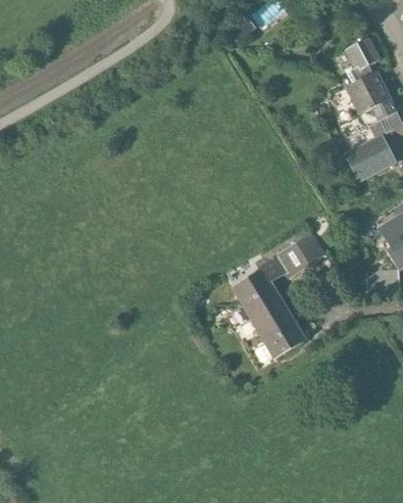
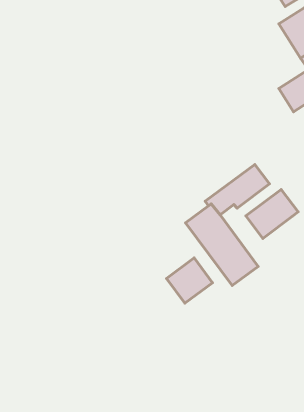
building: none -> [246,189,298,238]
building: none -> [167,258,212,303]

